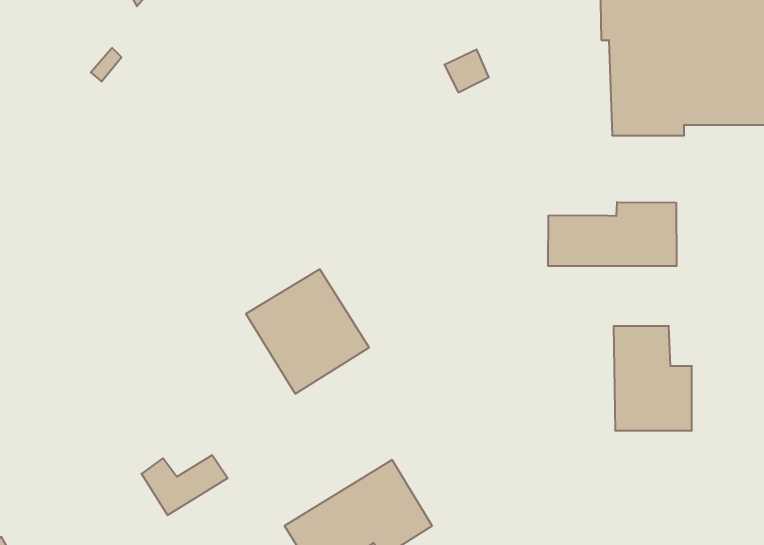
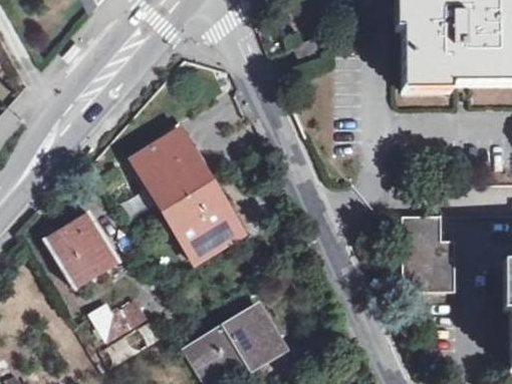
building: none -> [131,126,211,209]
building: [548,202,677,266] -> none
building: none -> [46,212,116,282]

